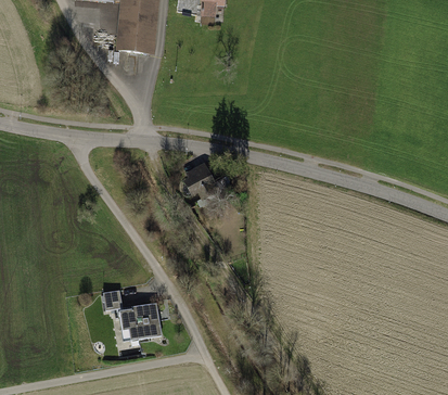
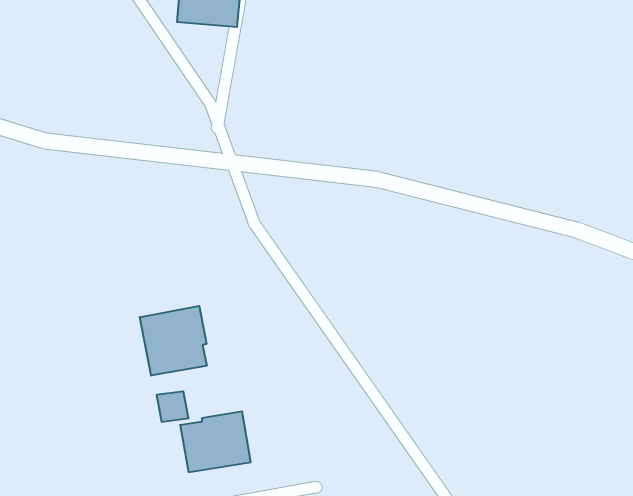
building: [182,163,218,203] -> none
building: none -> [140,306,207,376]

